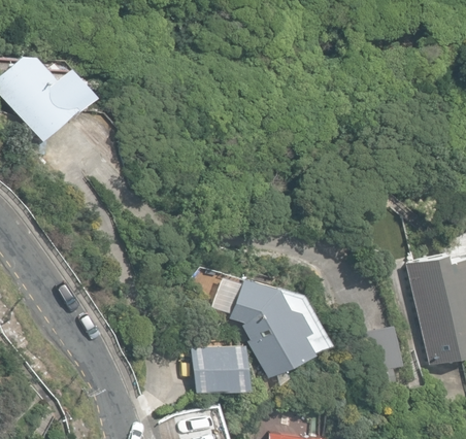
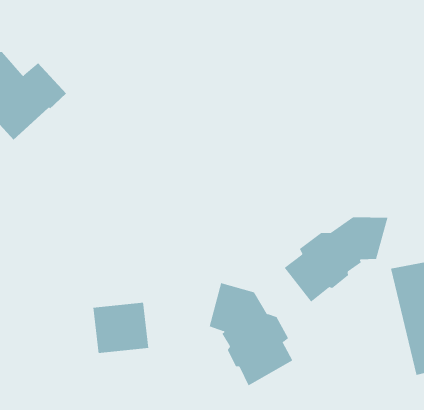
building: none -> [284,217,388,303]
building: [190,339,244,389] -> [93,302,149,354]

